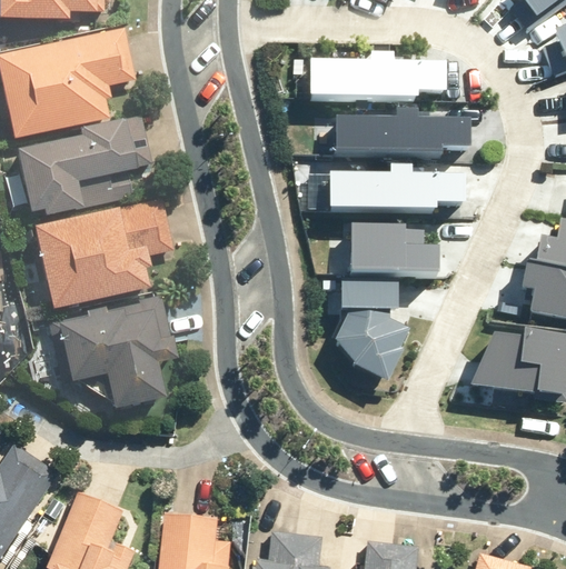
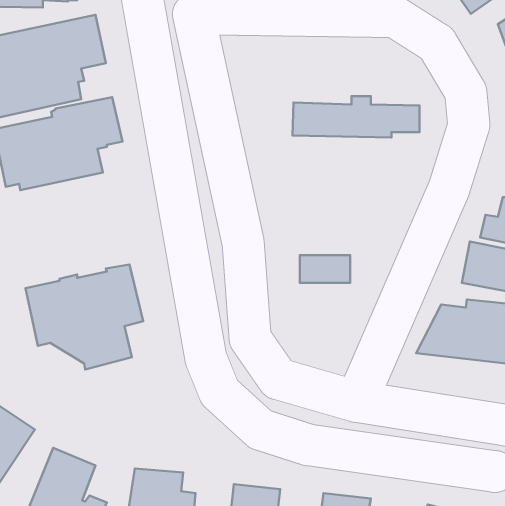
building: [311,57,448,102] -> none
building: [331,168,467,217] -> none
building: [31,196,171,308] -> none
building: [351,228,441,279] -> none
building: [337,318,411,387] -> none

